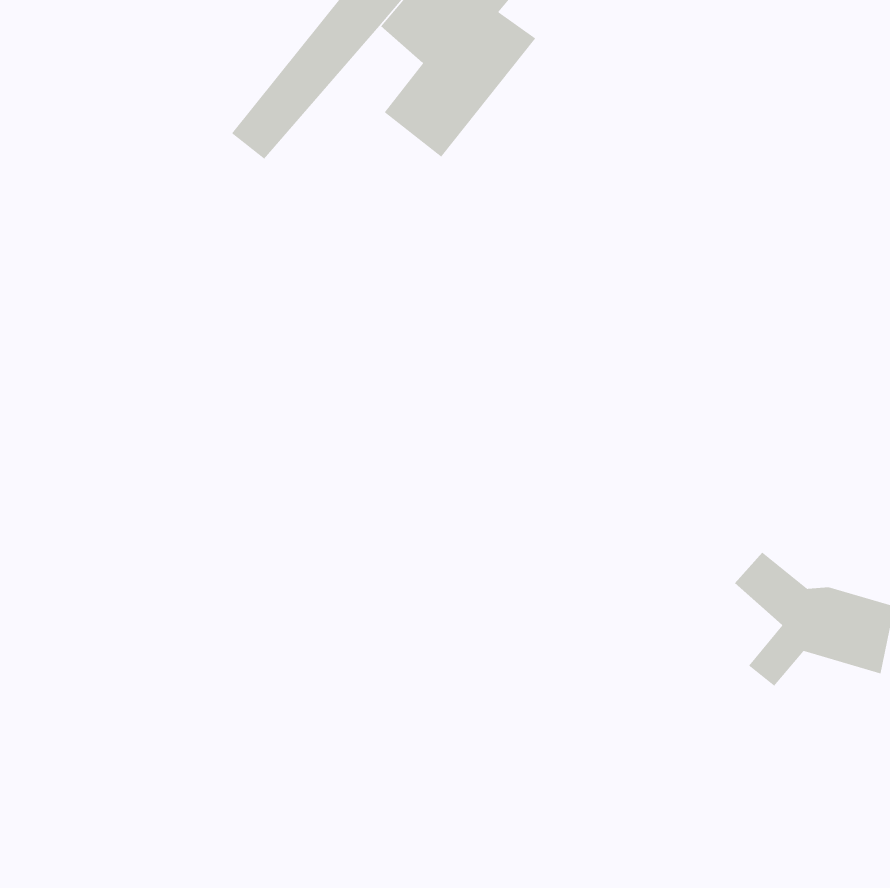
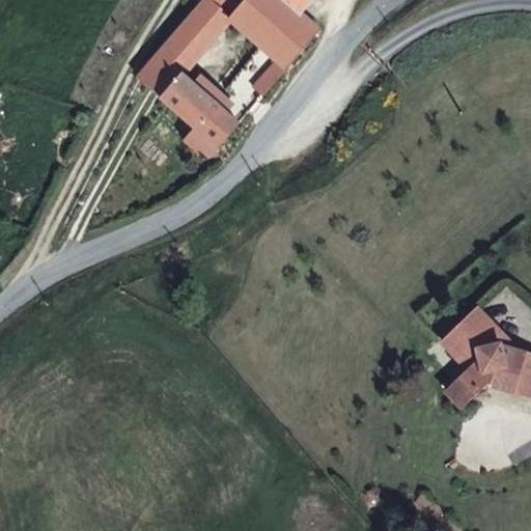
building: none -> [160,71,241,155]
building: none -> [454,309,497,348]

